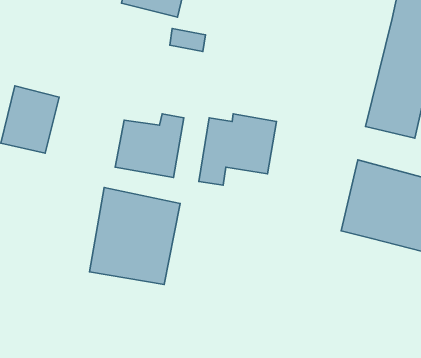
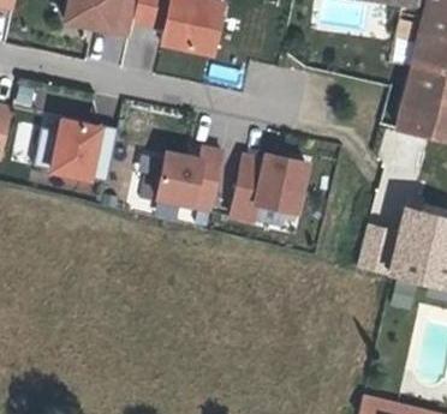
building: [90,187,180,285] -> none

